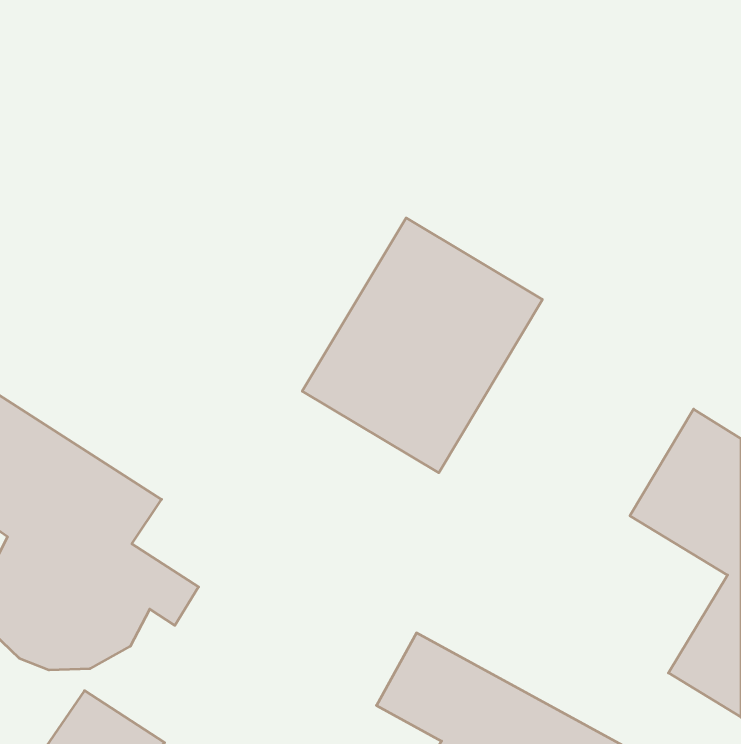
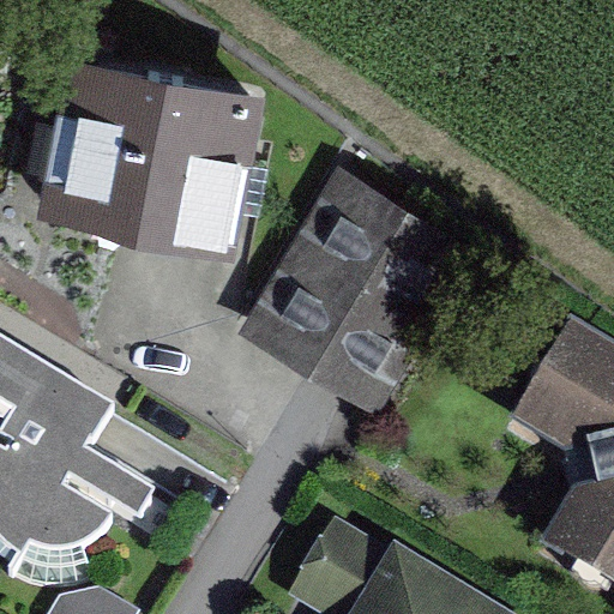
building: none -> [60,64,263,227]

